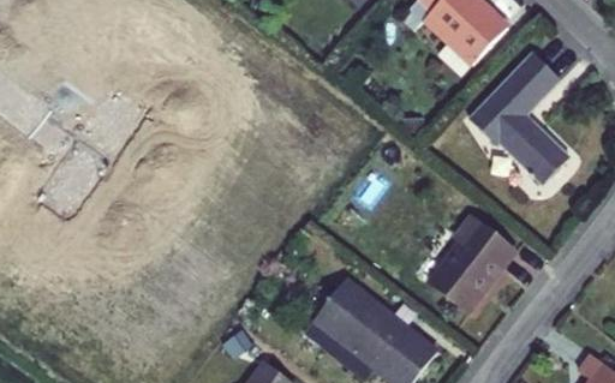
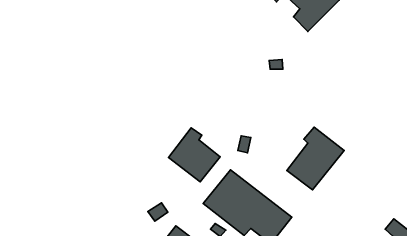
building: [471,50,569,182] -> none
building: none -> [168,128,220,182]

